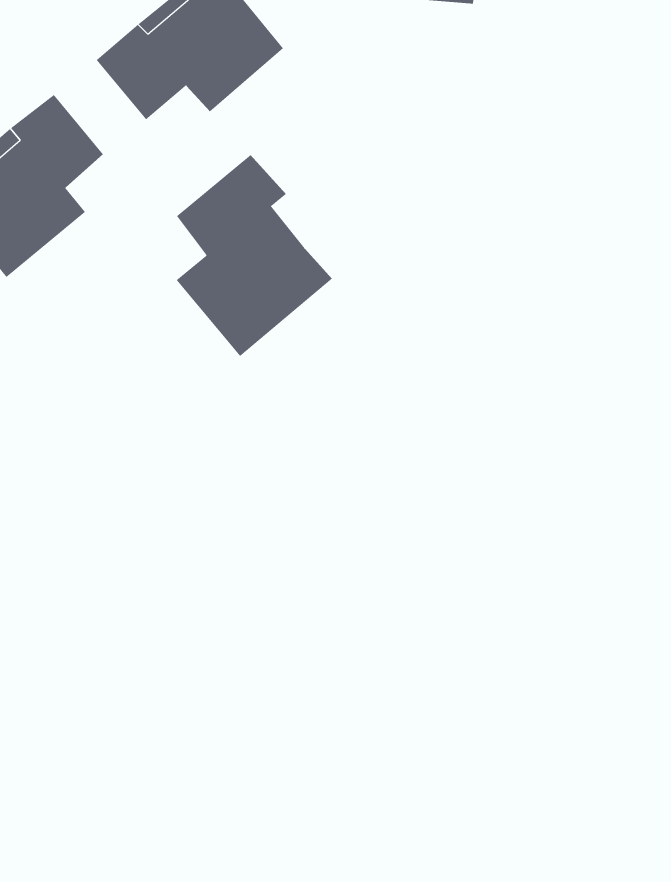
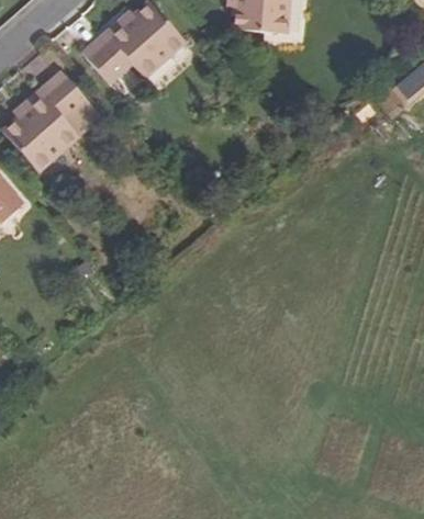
building: [176,154,333,357] -> none

